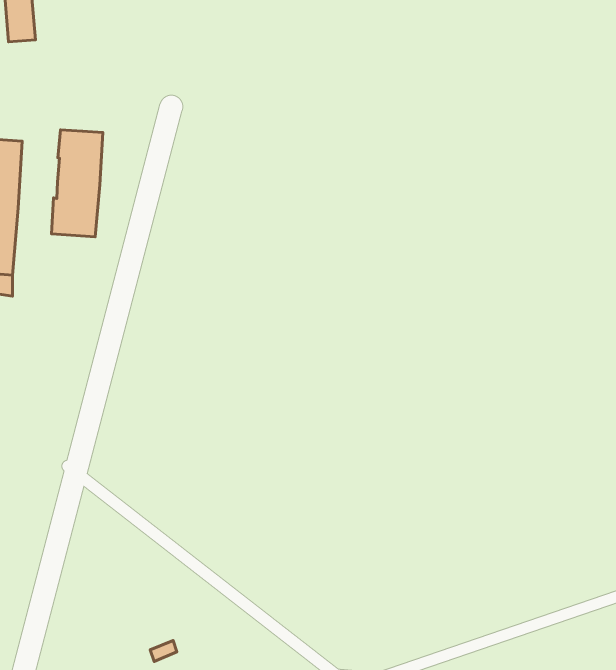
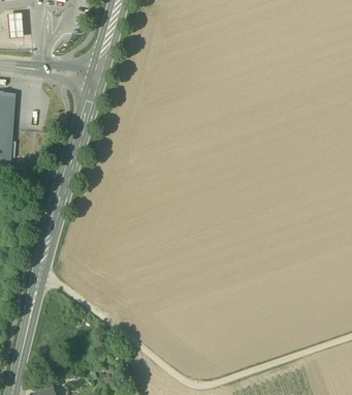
building: [52,130,103,237] -> none

